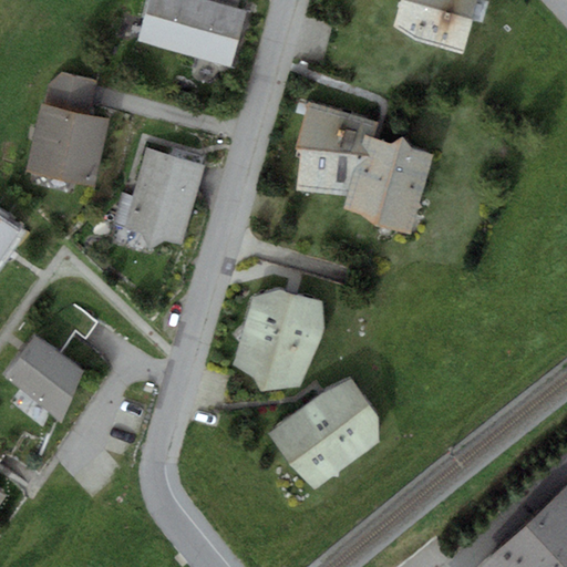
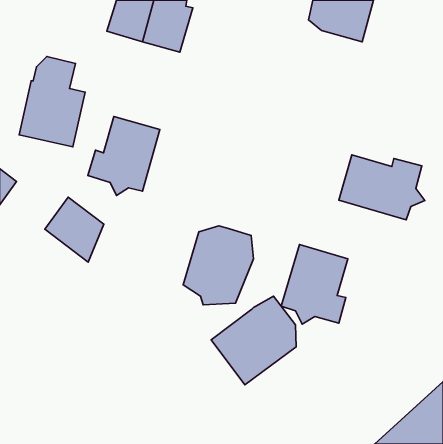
building: [295,101,432,234] -> none
building: none -> [339,155,425,220]
building: none -> [281,245,348,324]
building: [6,336,81,419] -> [45,197,104,262]

